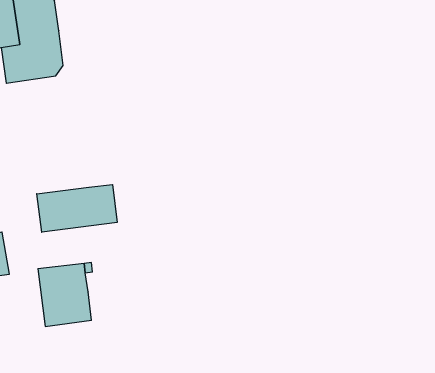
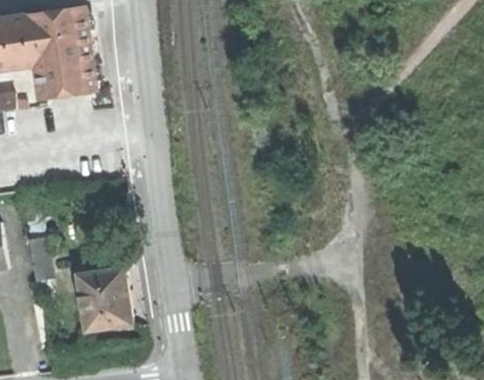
building: [37,185,117,232] -> none

